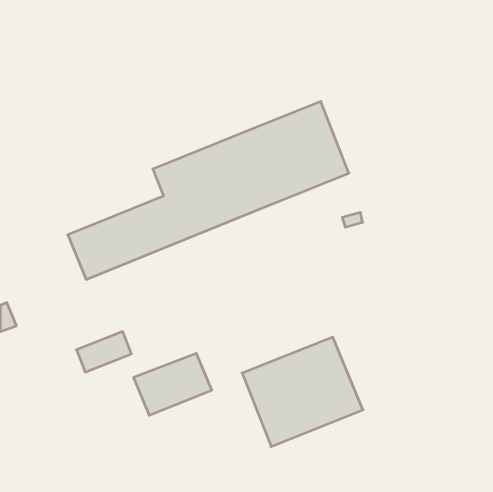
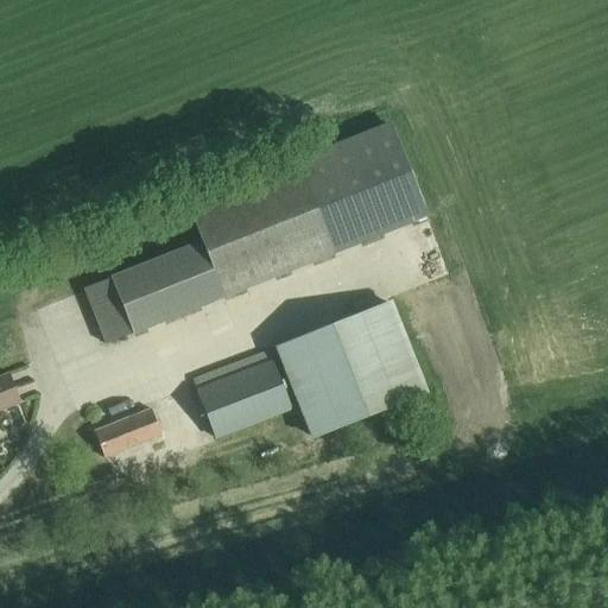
building: [242,337,363,447] -> [277,300,425,435]
building: [134,353,212,415] -> [196,361,292,437]

